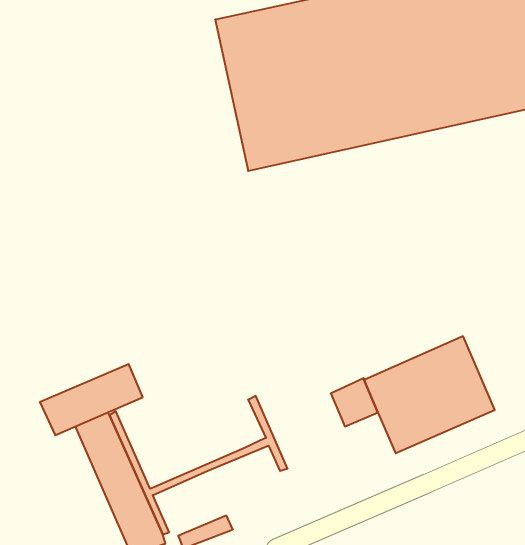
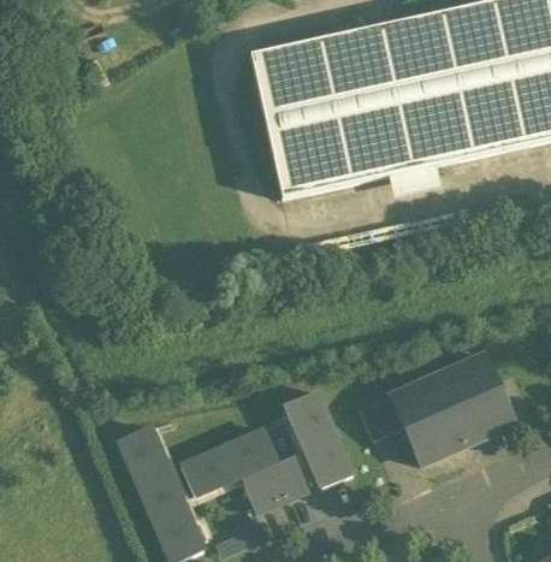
building: [40,364,143,435] -> [180,427,278,495]
building: none -> [285,389,352,486]
building: none -> [243,459,308,511]

